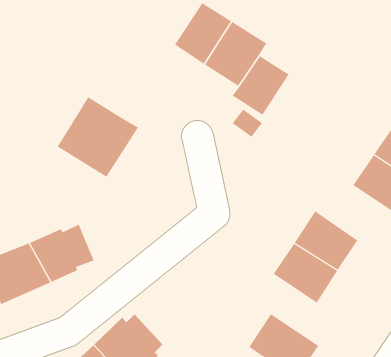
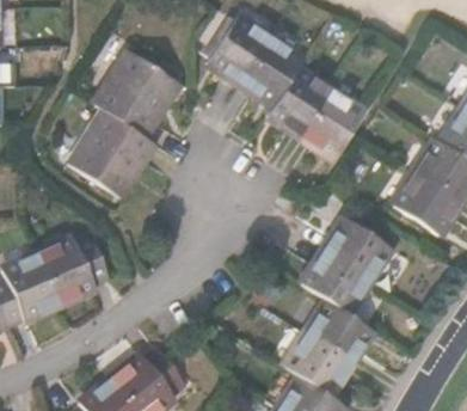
building: none -> [92,47,177,131]
building: none -> [291,82,352,148]
building: none -> [300,309,373,375]

